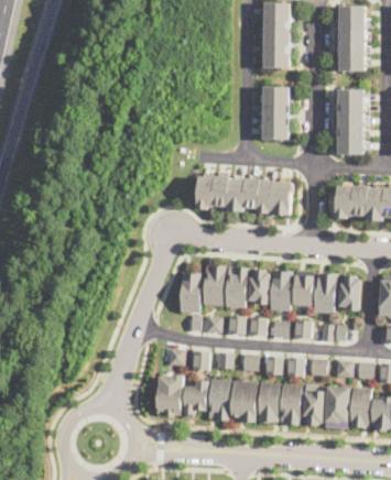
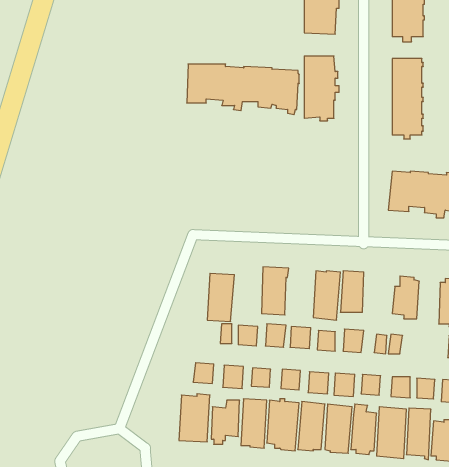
building: [197,176,293,219] -> [187,64,299,115]
building: [204,264,226,305] -> none
building: [248,269,270,305] -> none
building: [314,272,335,313] -> none

